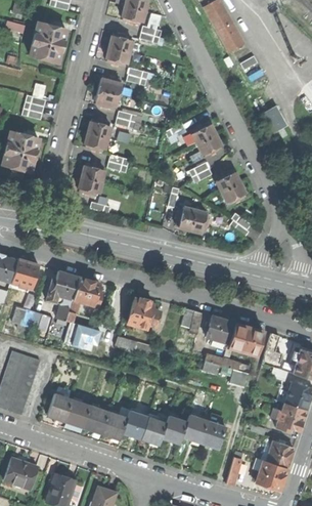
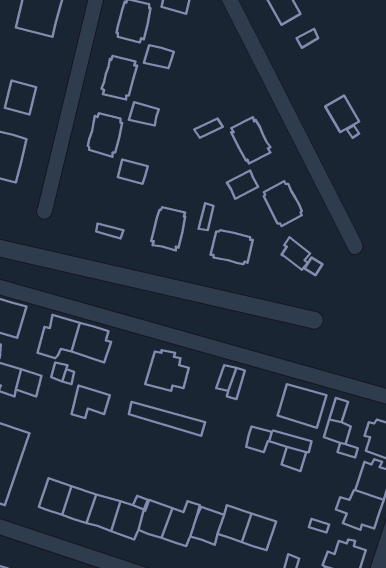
building: [78,163,103,196] -> [151,207,185,251]
building: [206,315,233,343] -> none

